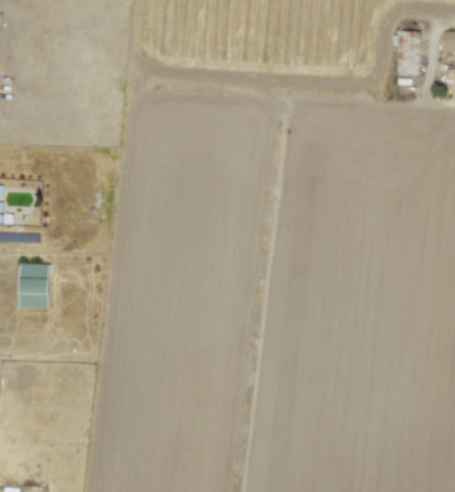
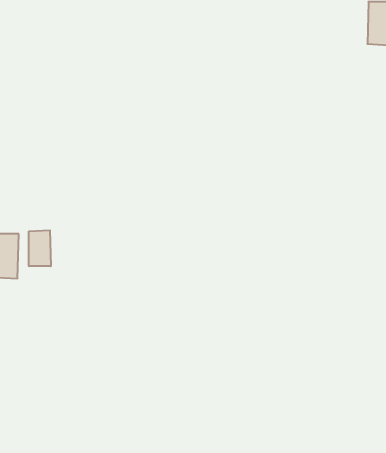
building: none -> [29,230,51,266]

